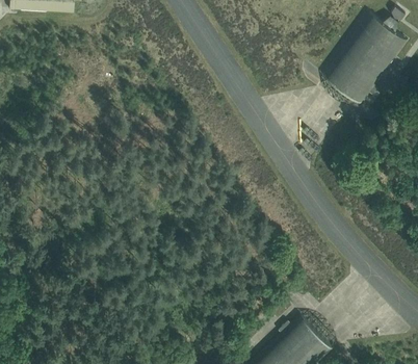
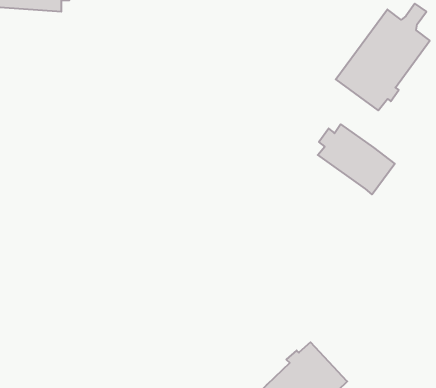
building: none -> [318,124,395,194]

